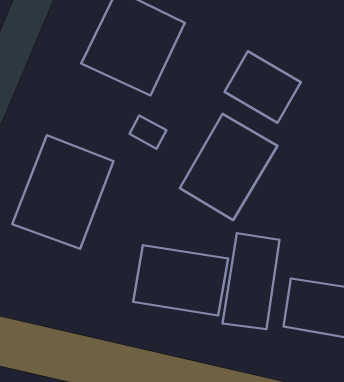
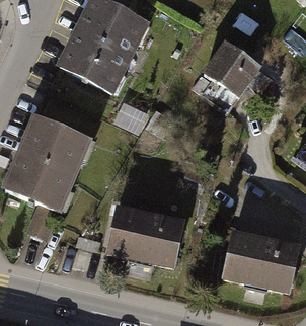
building: [180,114,277,220] -> none
building: [222,233,279,329] -> none

